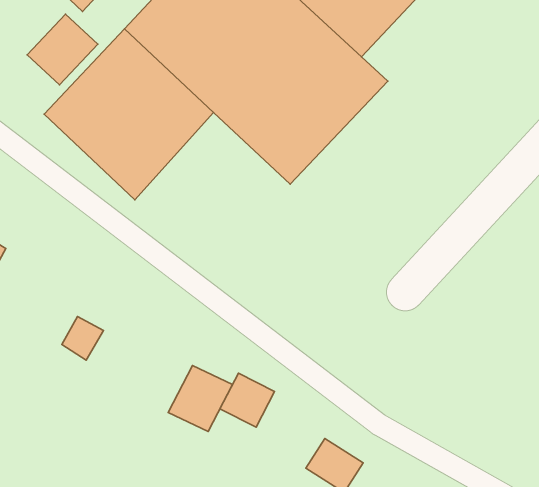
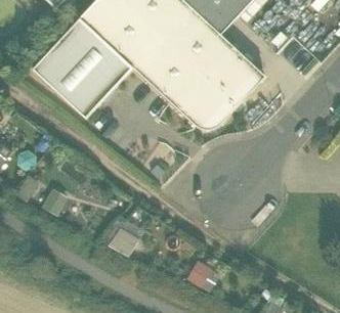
building: [27,14,98,85] -> none
building: none -> [177,48,264,129]
building: [220,373,275,427] -> none

